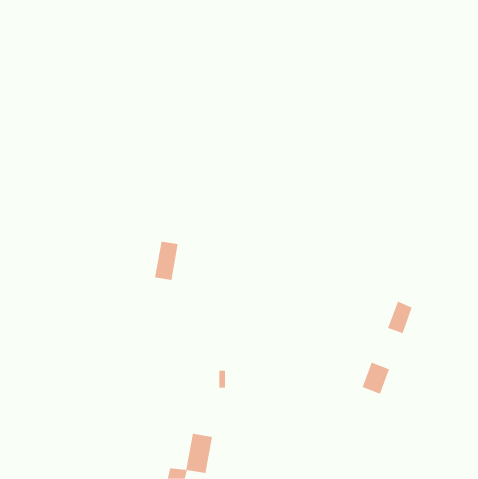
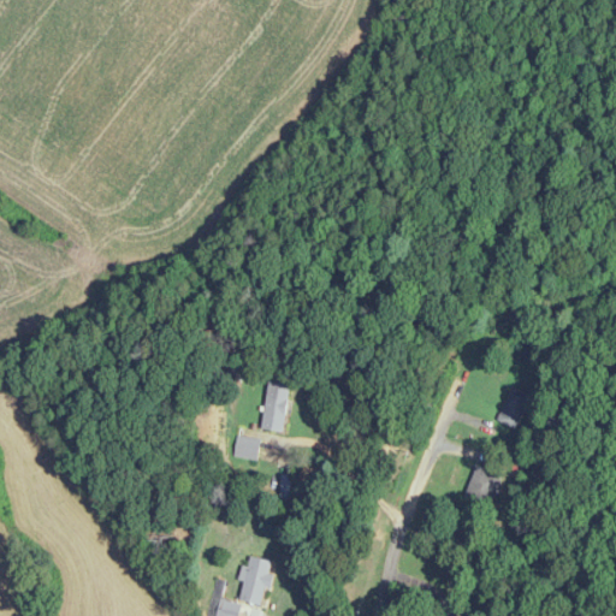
building: [154,241,179,280] -> [260,383,291,433]
building: none -> [233,436,260,461]

